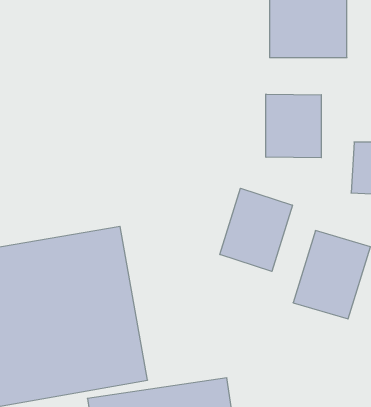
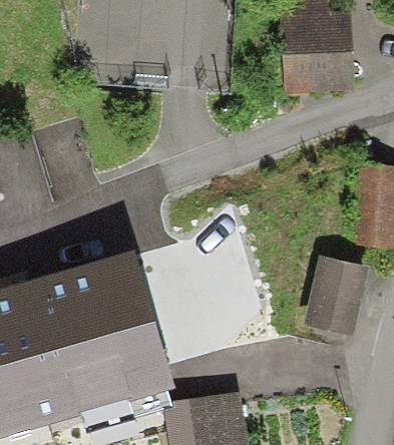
building: [266,94,321,158] -> none
building: [220,188,292,271] -> none

